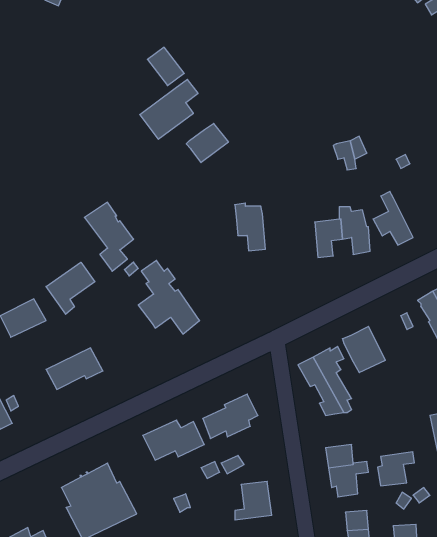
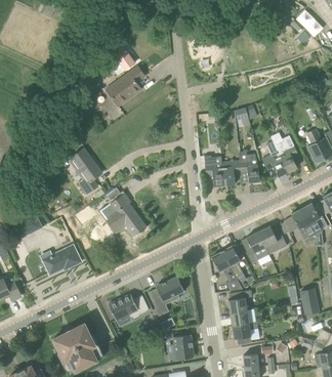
building: [186,123,228,163] -> none
building: none -> [275,136,299,172]
building: [235,203,265,251] -> [204,155,224,186]
building: [46,262,95,314] -> none
building: none -> [258,225,287,254]
building: [378,452,414,486] -> [227,290,252,312]

